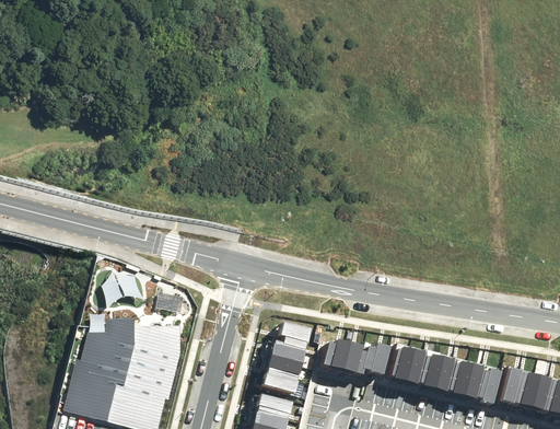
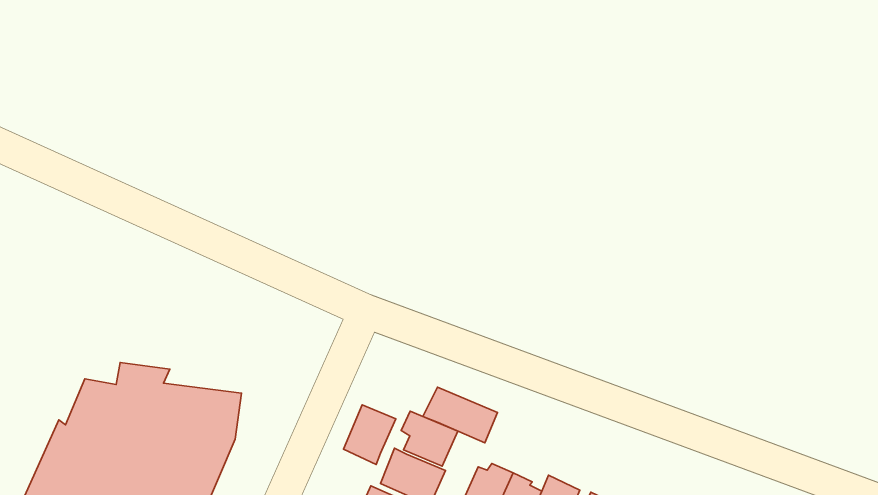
building: none -> [423,387,498,443]
building: none -> [343,405,396,465]

